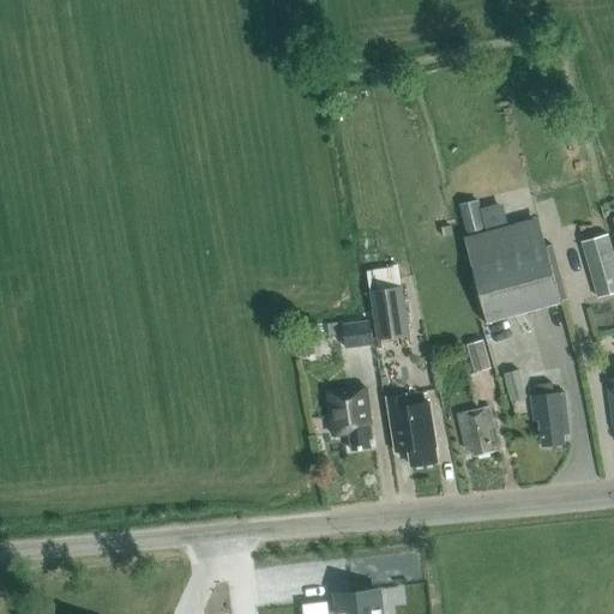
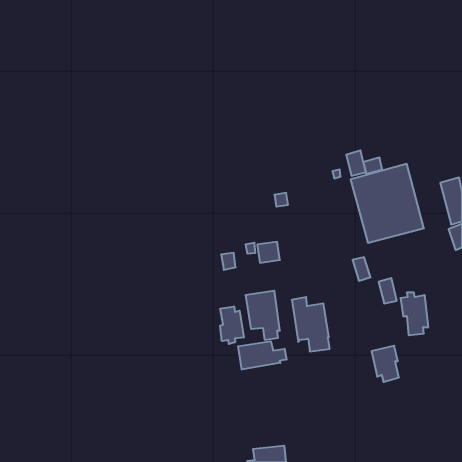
building: [371,288,409,339] -> none
building: none -> [220,306,244,344]
building: [458,408,494,456] -> [372,346,399,382]
building: none -> [238,341,287,370]

